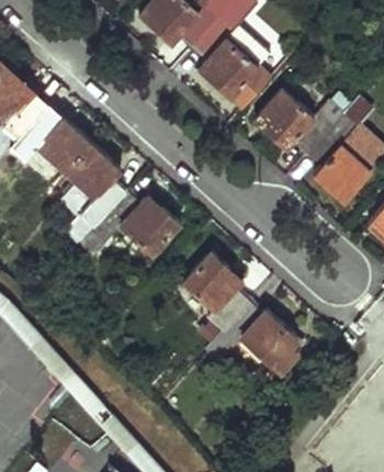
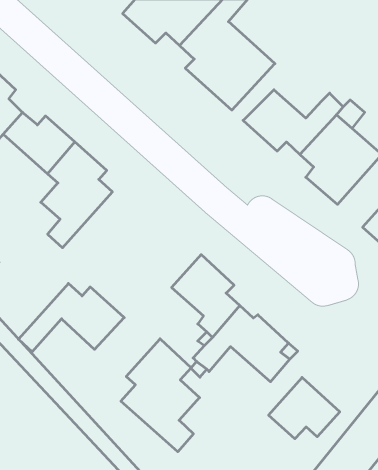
building: [77,190,179,256] -> [18,283,124,352]
building: none -> [121,339,200,452]
building: none -> [269,377,340,439]

